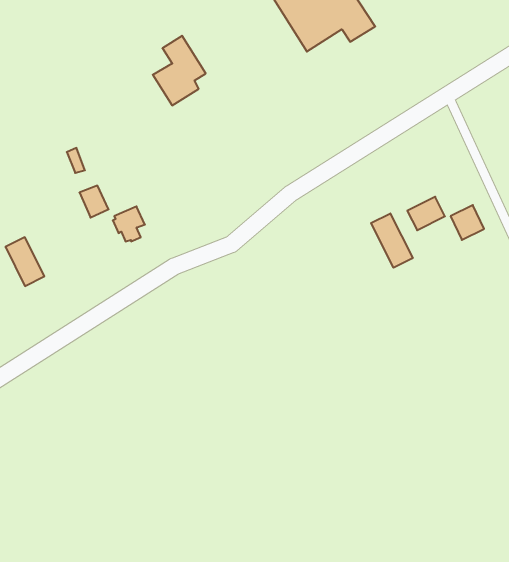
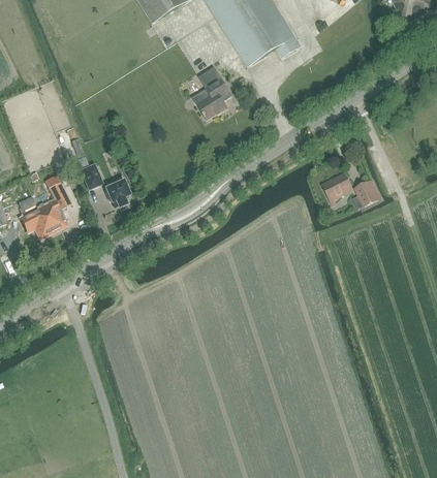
building: [153,36,206,105] -> [191,66,230,118]
building: none -> [39,181,70,231]
building: [371,213,413,268] -> none

